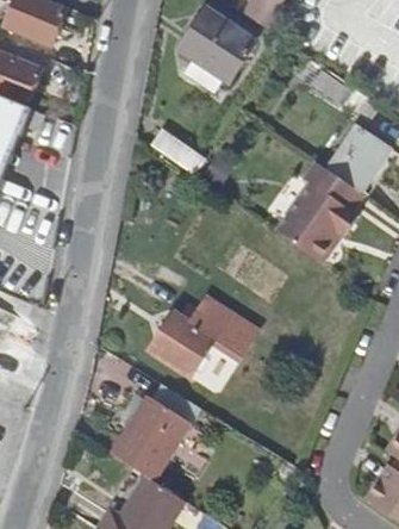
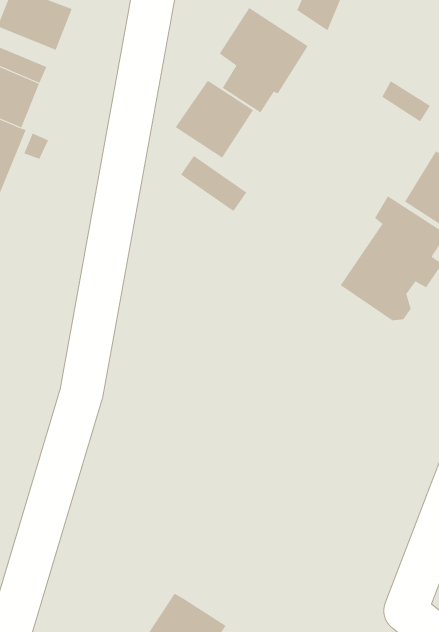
building: none -> [175,80,254,159]
building: [150,295,258,374] -> none
building: [112,396,194,481] -> none

